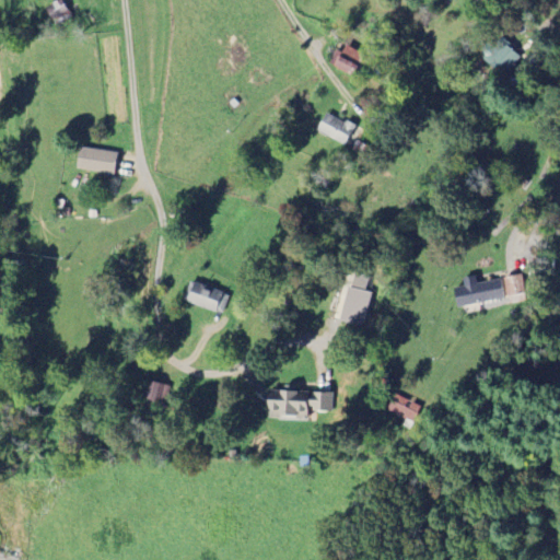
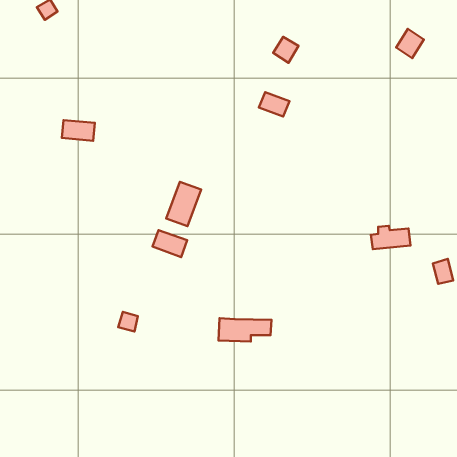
building: none -> [166,182,201,226]
building: [502,272,527,303] -> [433,259,453,284]
building: [341,273,372,325] -> none
building: [387,394,422,423] -> none

